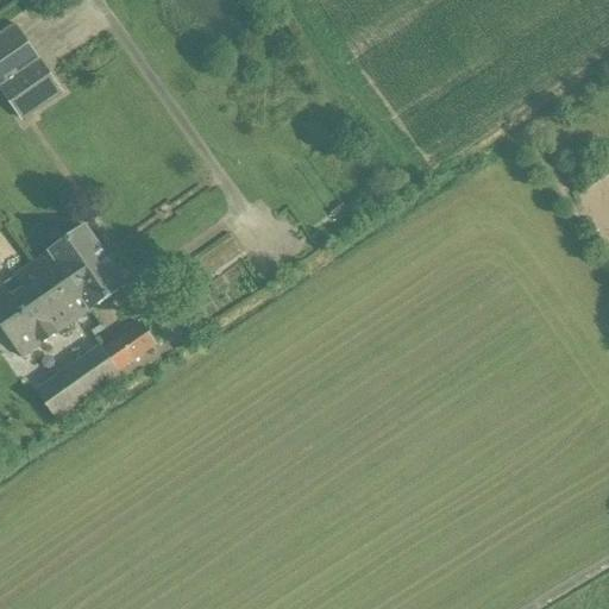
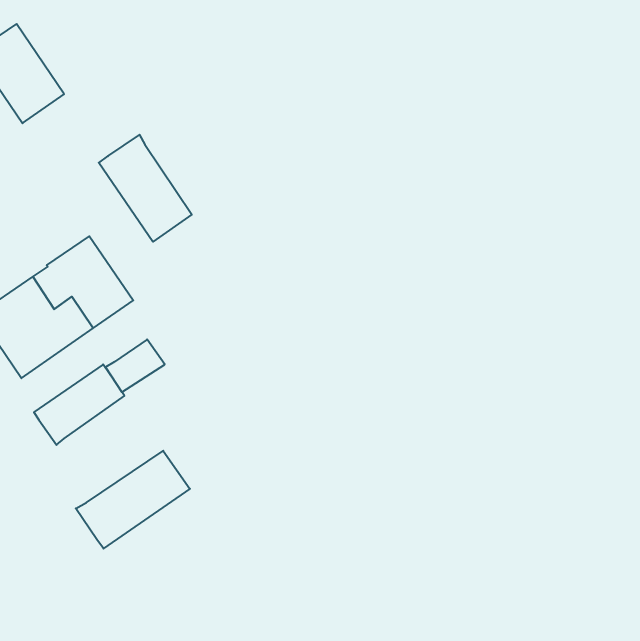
building: none -> [99,135,192,242]
building: none -> [76,451,190,549]

